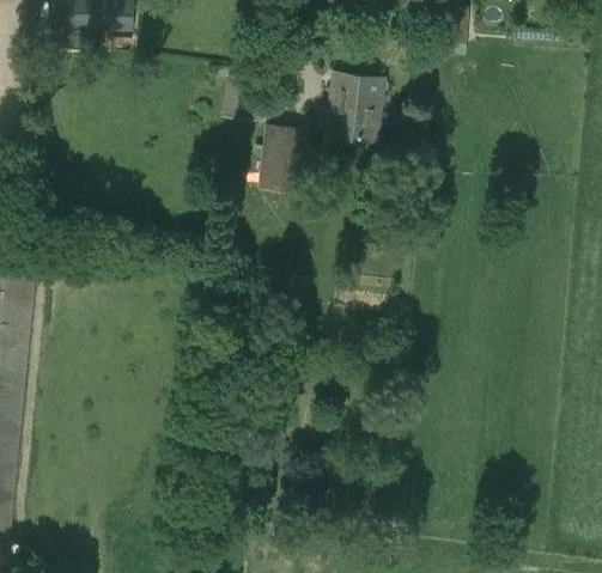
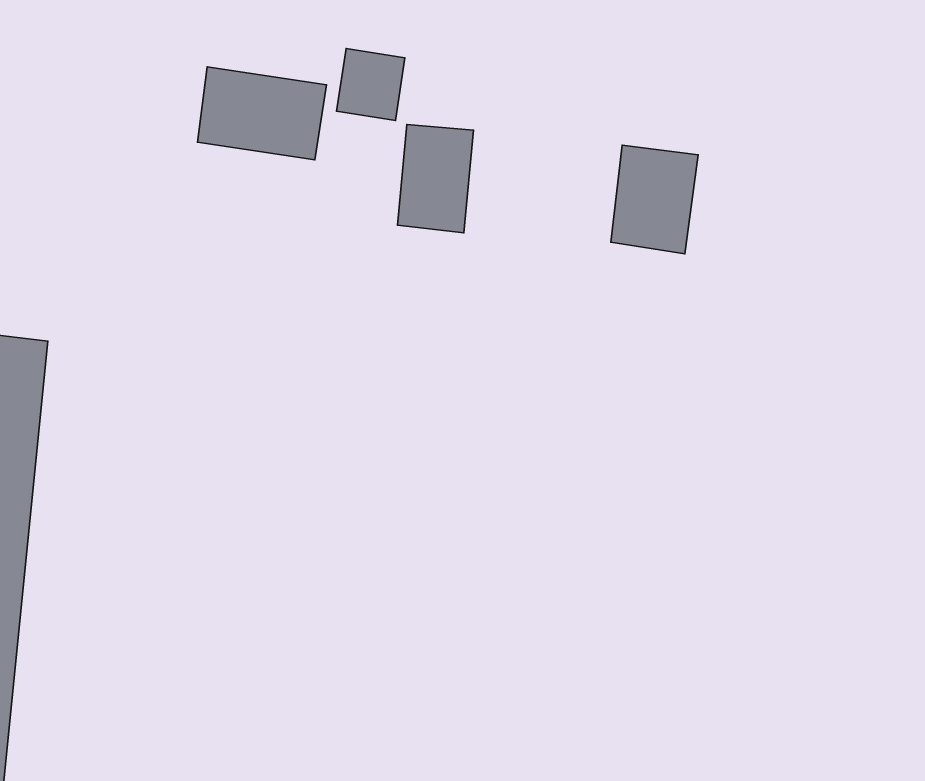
building: [322,72,377,140] -> [611,145,698,254]
building: none -> [197,67,327,160]

